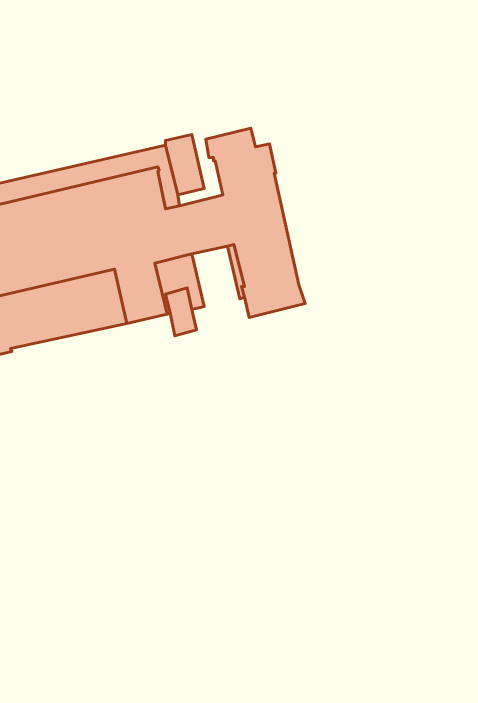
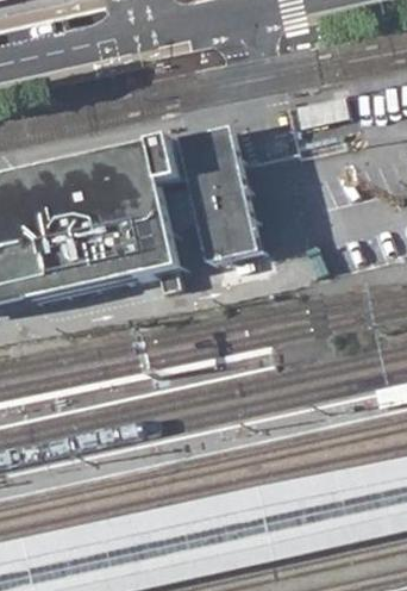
building: none -> [175,124,255,249]

